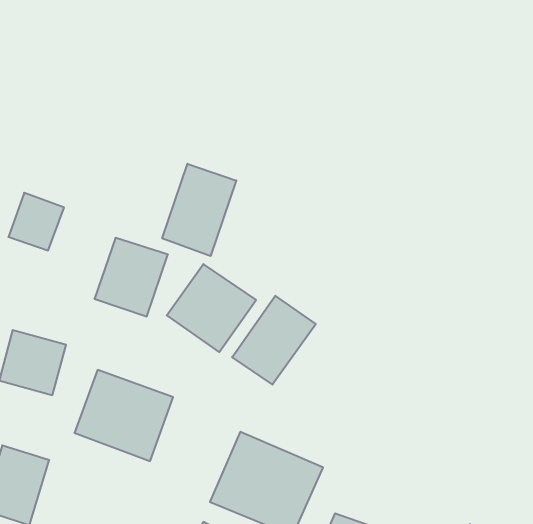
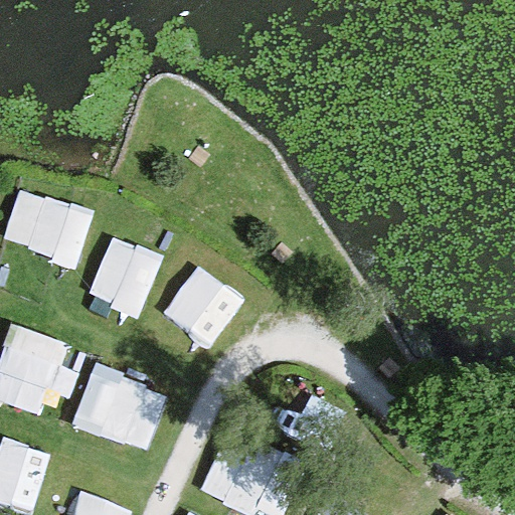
building: [162,164,236,256] -> none
building: [232,296,316,385] -> none

